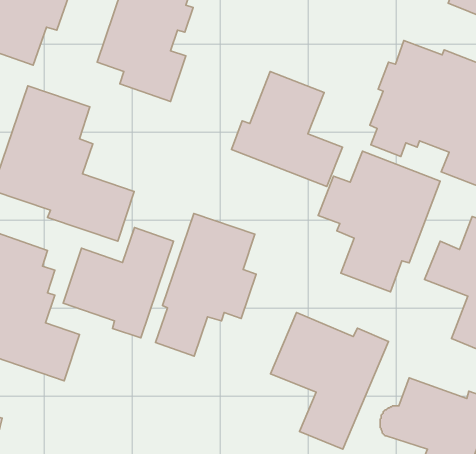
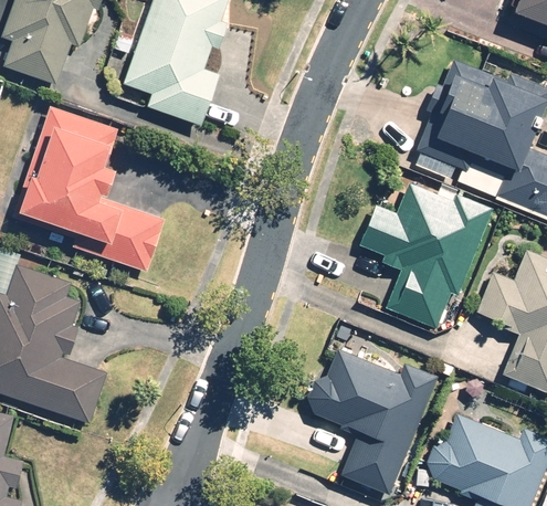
building: [231,72,343,186] -> none
building: [155,214,256,356] -> none
building: [63,227,173,338] -> none

